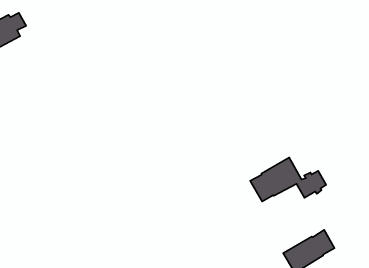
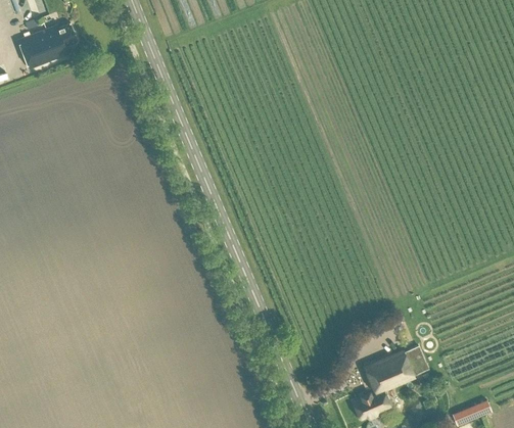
building: [250,158,326,202] -> none

